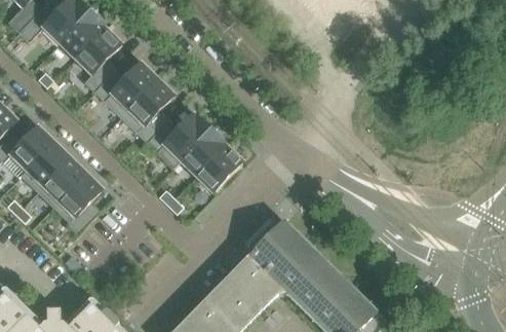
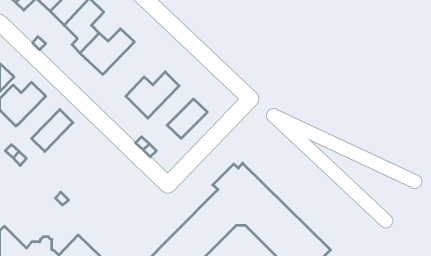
building: [120,77,173,141] -> none
building: [172,128,226,175] -> none
building: [21,141,70,190] -> none
building: [52,172,103,233] -> none

